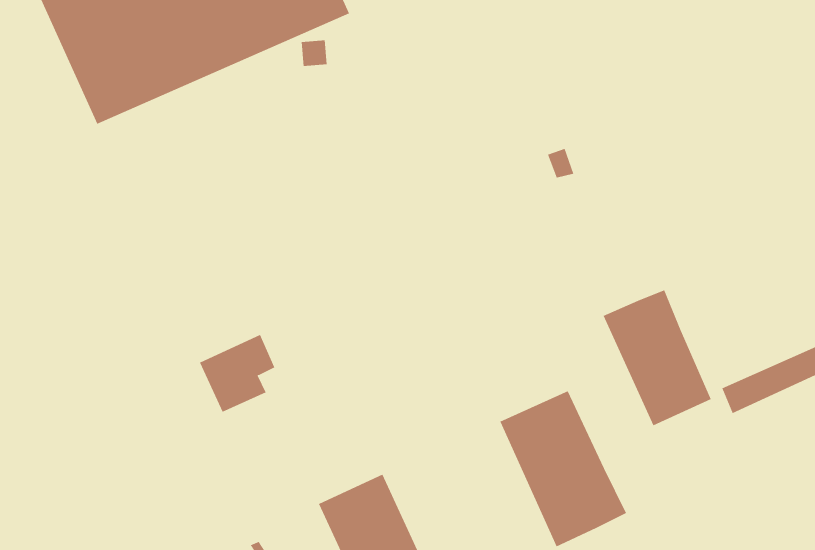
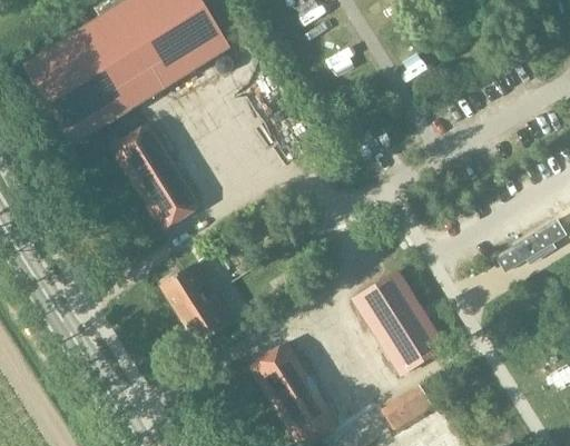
building: none -> [109,123,200,230]
building: [603,290,712,426] -> none
building: none -> [178,291,234,345]

